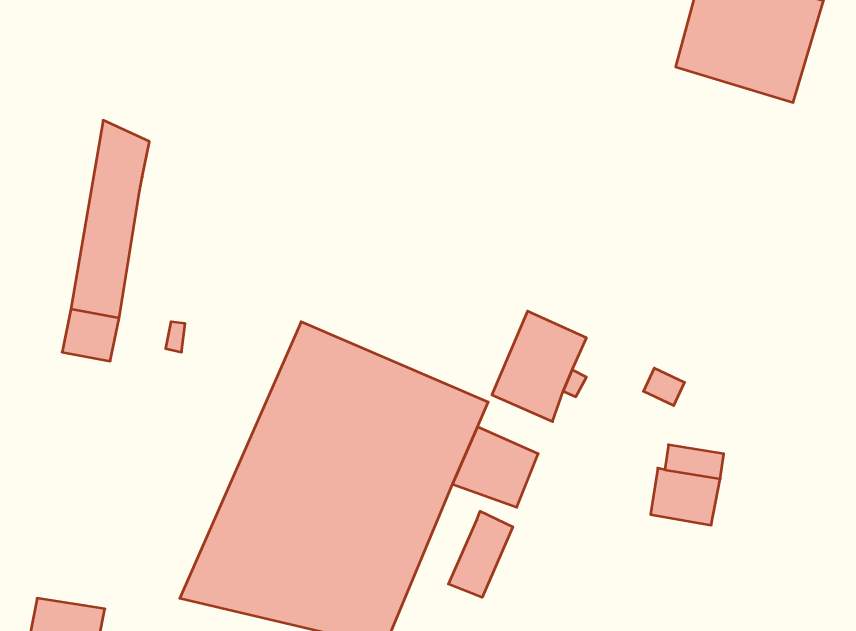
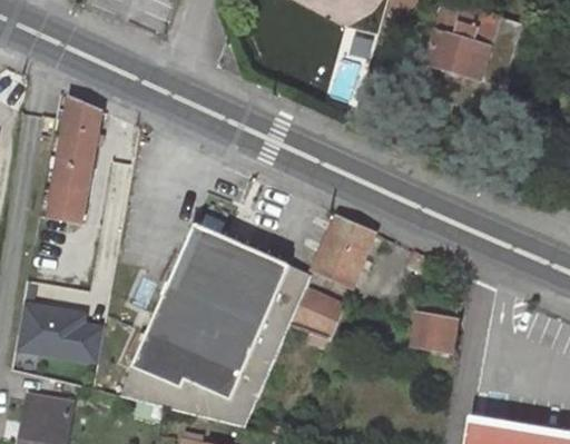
building: none -> [17,295,102,361]
building: [448,511,513,597] -> none

